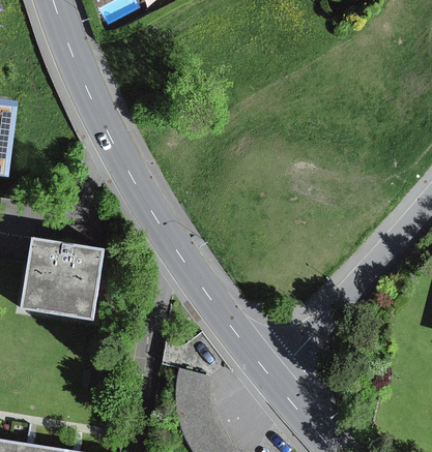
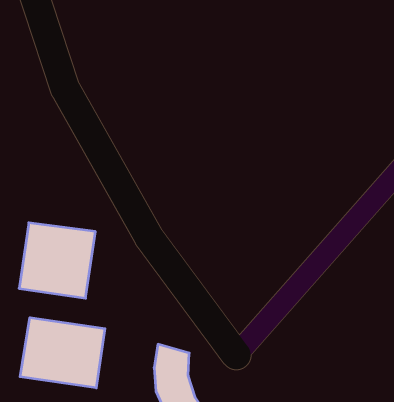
building: none -> [20,318,105,388]

